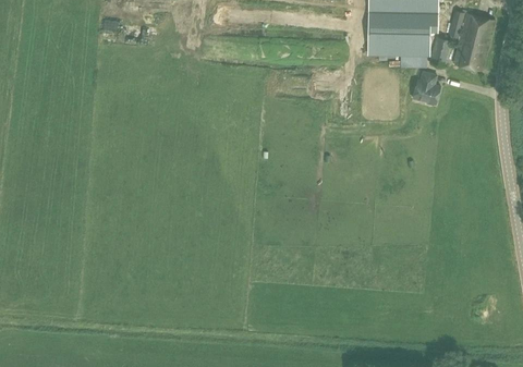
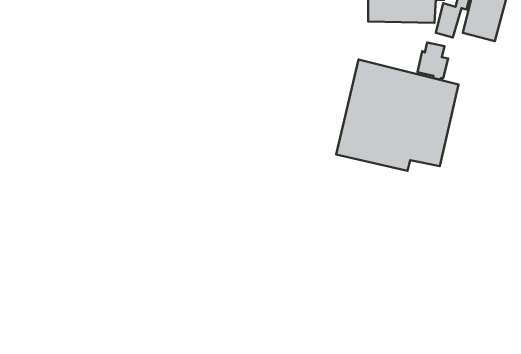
building: none -> [336,59,459,171]

